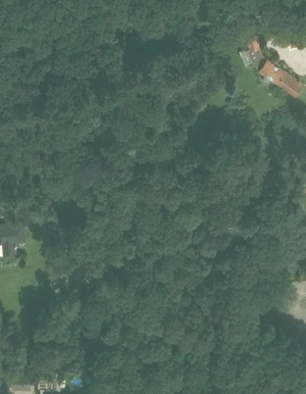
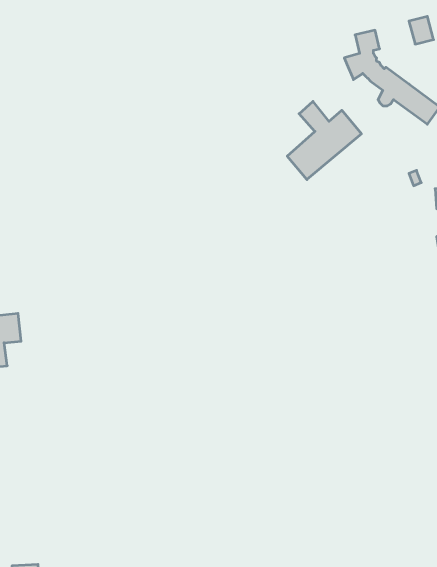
building: none -> [287,101,361,180]

